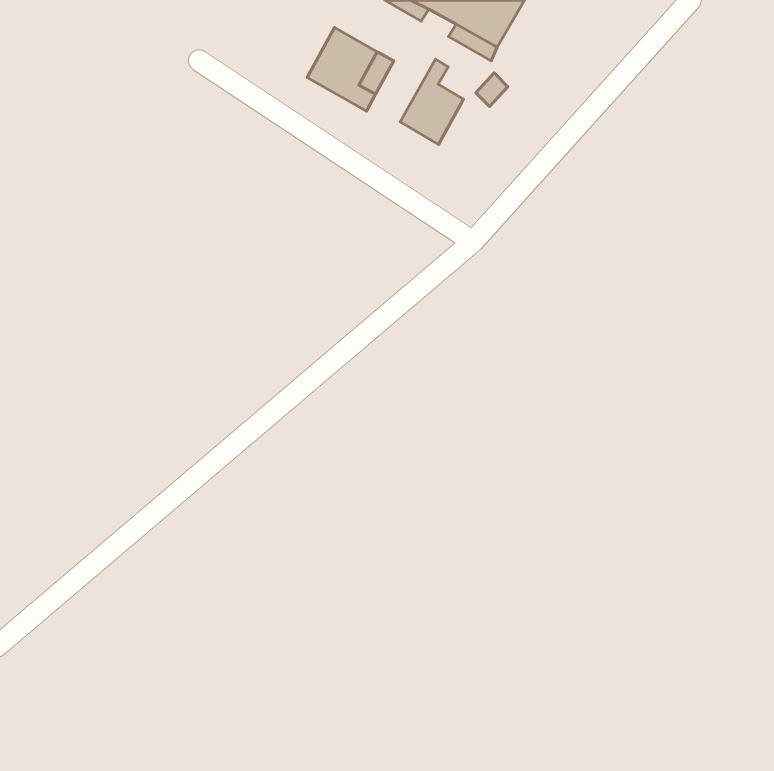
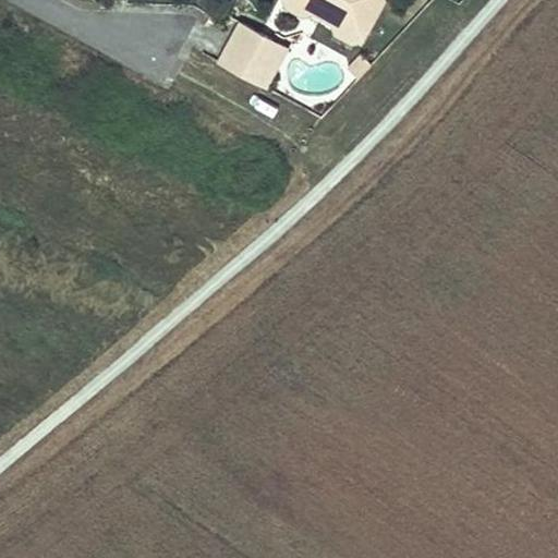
building: [400,59,464,144] -> none

